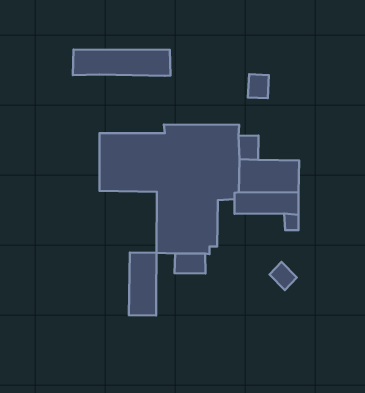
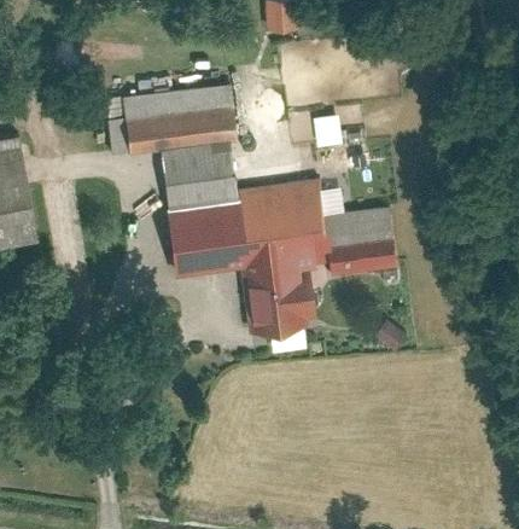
building: none -> [122,85,231,126]
building: none -> [158,139,239,213]
building: [129,252,156,315] -> none

